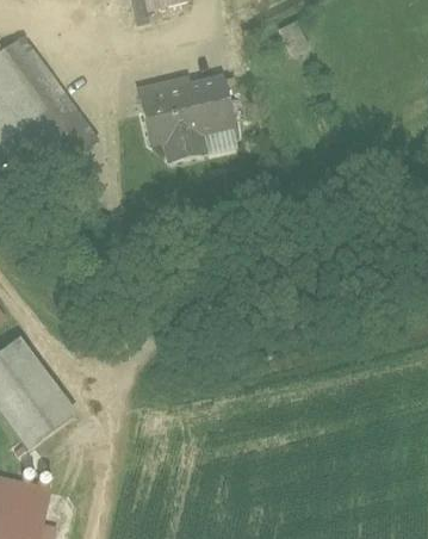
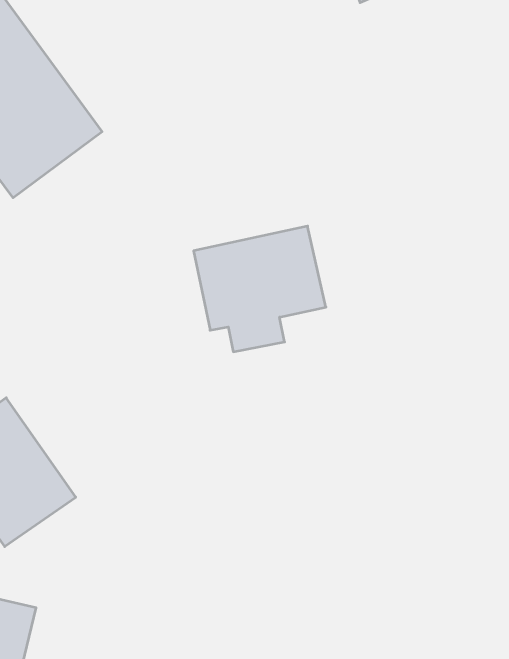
building: [141,80,236,171] -> [194,226,326,352]

